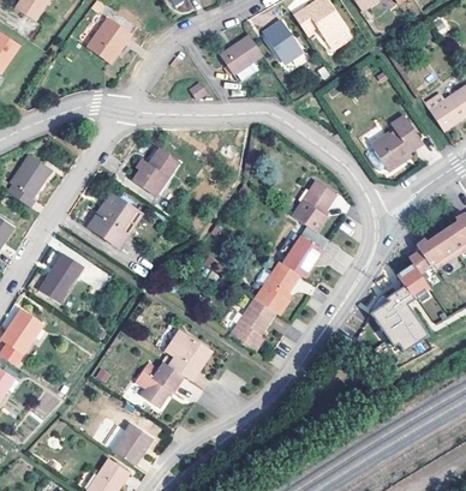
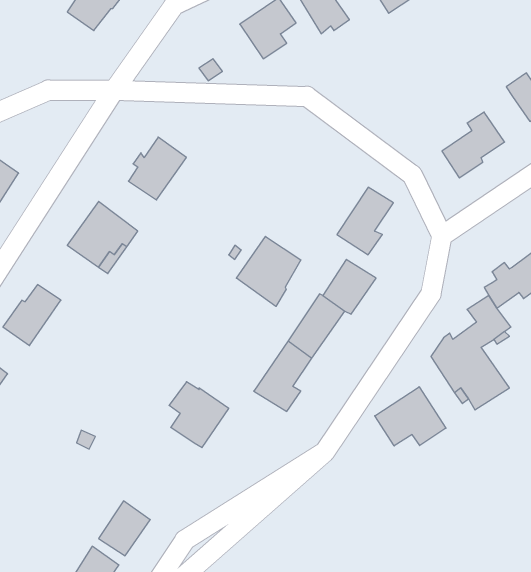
building: none -> [236,236,301,306]
building: none -> [375,387,446,446]
building: [137,361,185,406] -> none

